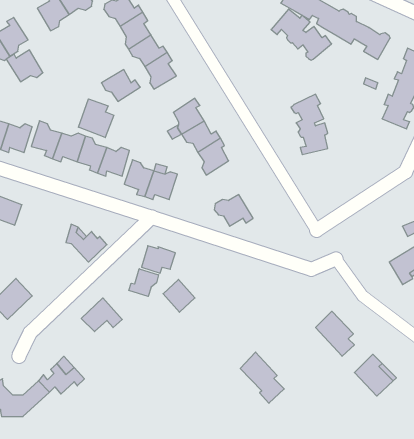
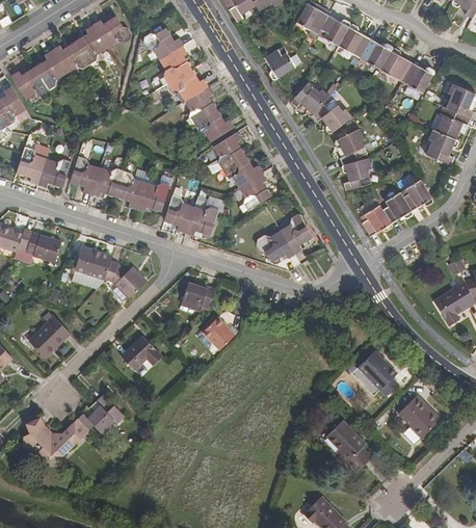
building: [271,9,332,60] -> [289,81,350,133]
building: none -> [263,49,294,79]
building: [6,50,43,82] -> [51,42,88,74]
building: [101,70,140,101] -> [193,110,233,142]
building: [78,99,114,138] -> none
building: none -> [361,180,432,236]
building: none -> [280,215,312,255]
building: none -> [73,246,111,280]
building: [129,269,159,296] -> none
building: [240,352,284,403] -> [326,420,371,472]

